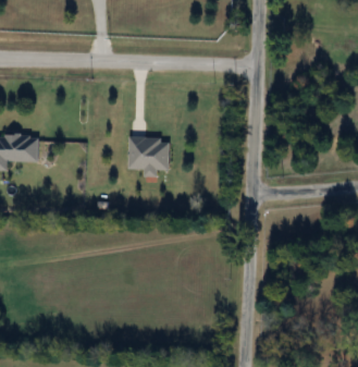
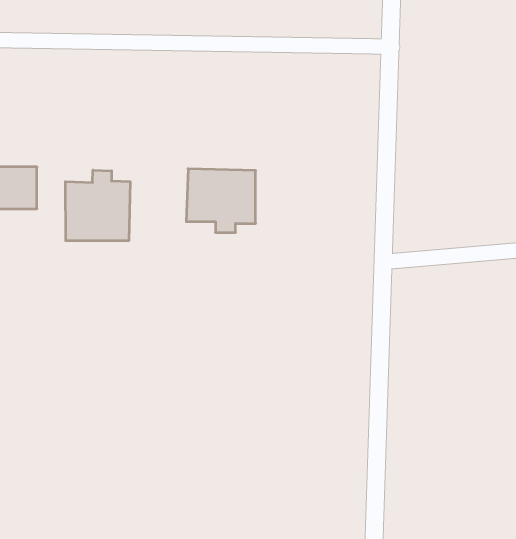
building: none -> [65,170,130,241]

